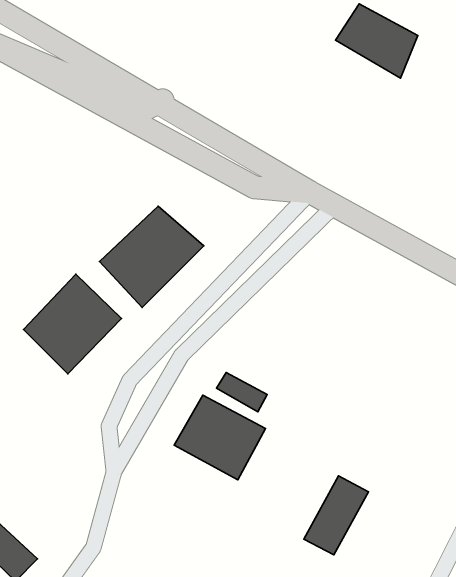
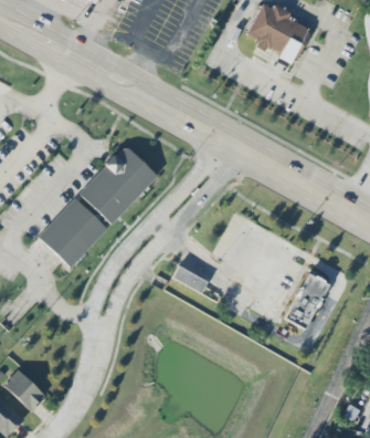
building: [174,395,266,480] -> none
building: [304,476,369,555] -> [283,273,328,328]

